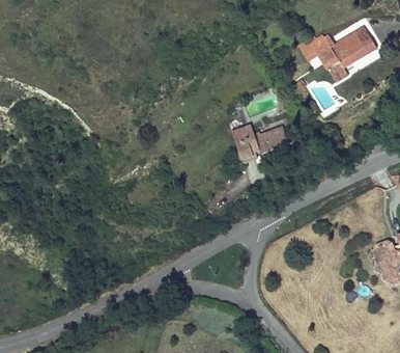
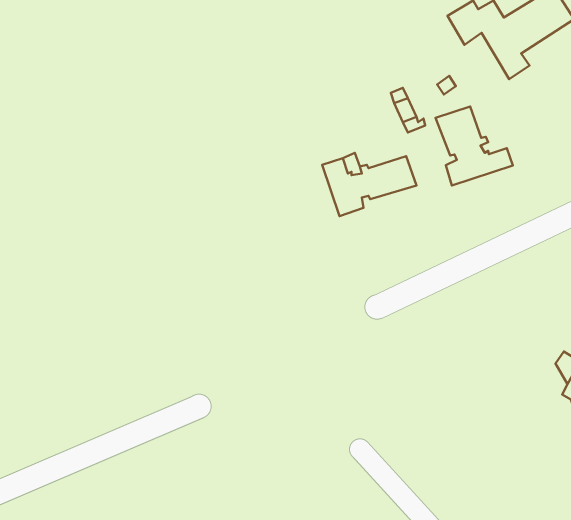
building: none -> [435,107,513,186]

